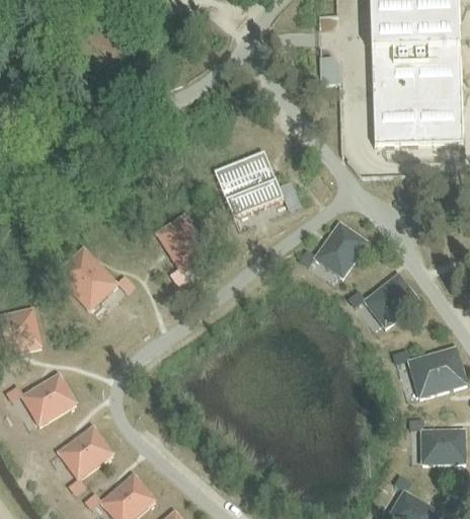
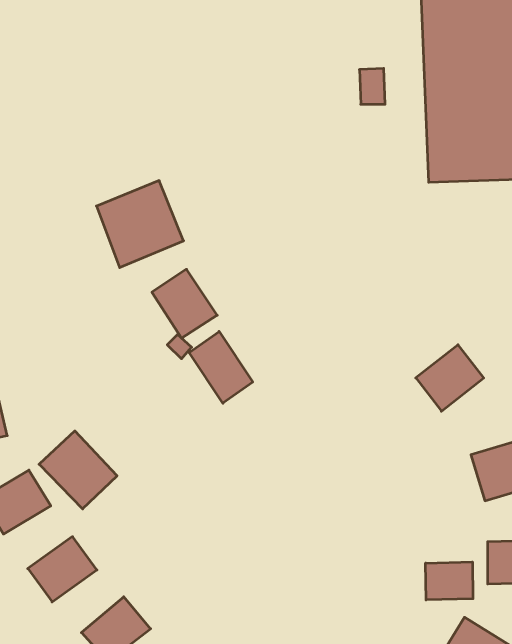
building: [214,150,283,219] -> [96,181,184,268]
building: [315,221,367,276] -> none
building: [55,247,116,309] -> [39,431,117,509]
building: none -> [189,331,253,403]
building: none -> [426,562,473,600]

